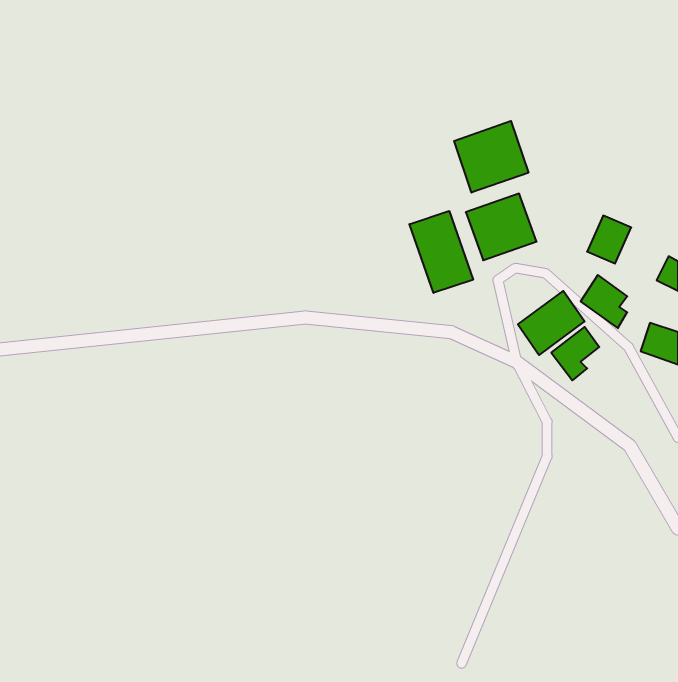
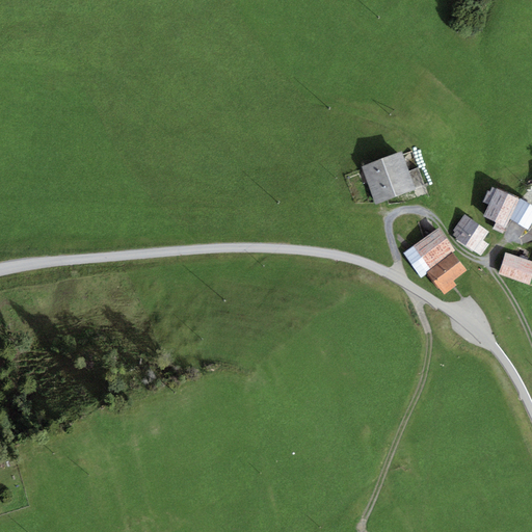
building: [454,121,528,193] -> none
building: [409,211,473,293] -> none
building: [587,216,631,264] -> [482,189,516,227]

